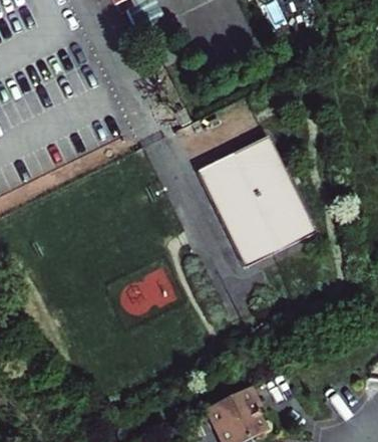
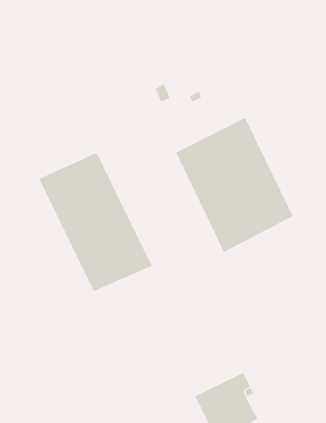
building: none -> [39,152,152,292]

